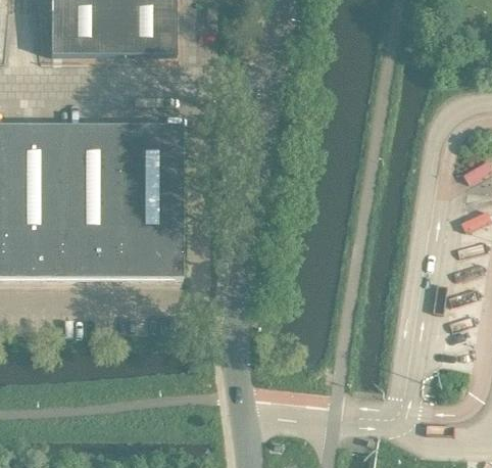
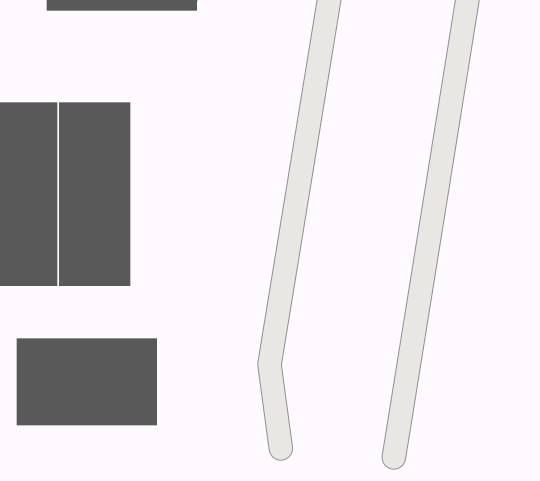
building: [119,126,179,276] -> none
building: none -> [16,338,157,426]

